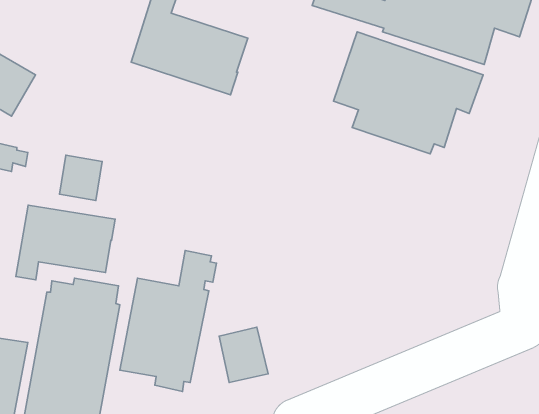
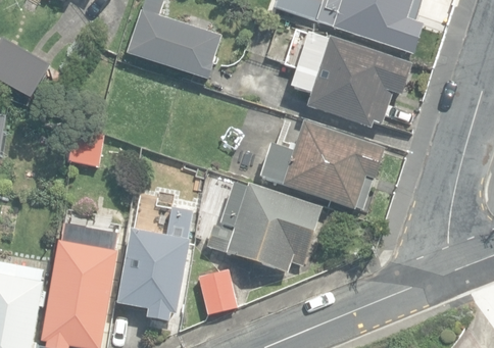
building: none -> [258,121,385,210]
building: [16,205,115,280] -> none
building: none -> [205,181,322,272]

